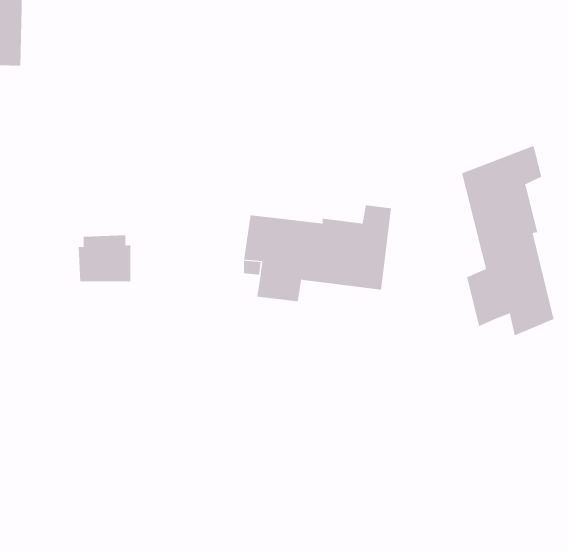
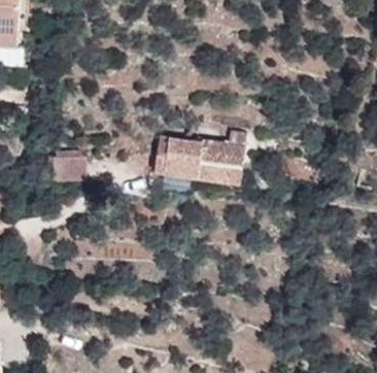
building: [461,145,554,336] -> none

